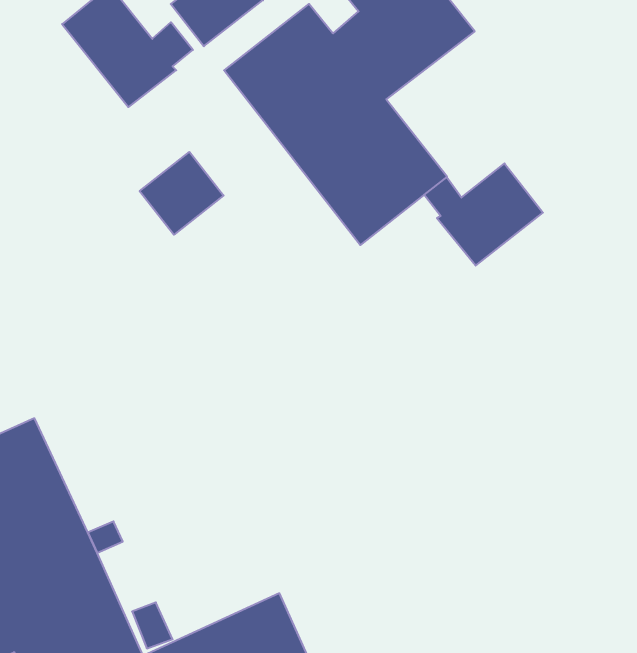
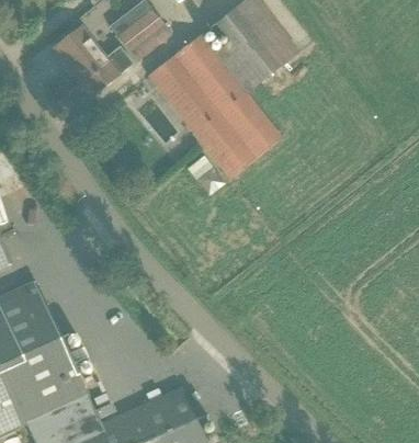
building: [140,152,224,235] -> none
building: [424,163,543,266] -> none

